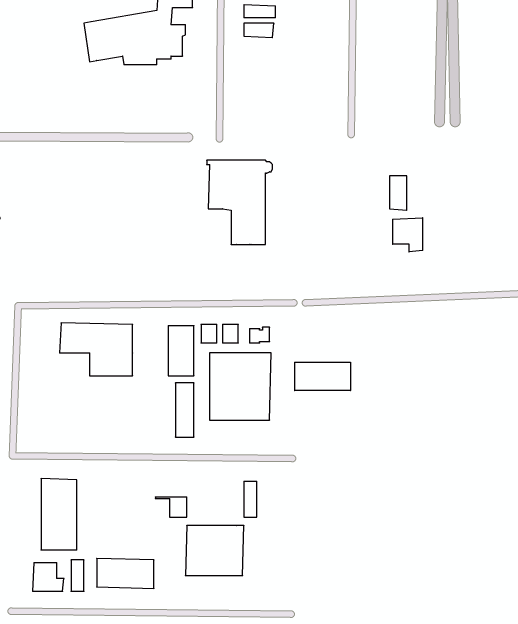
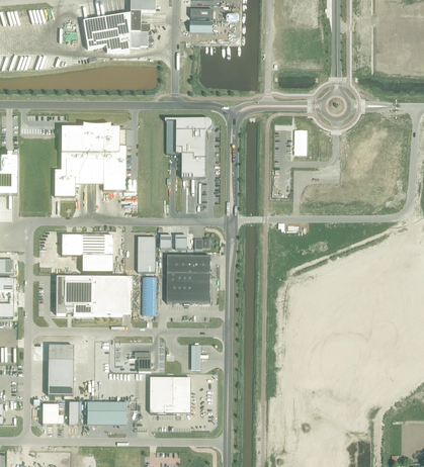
building: none -> [55,122,125,195]
building: [393,218,423,252] -> none
building: [295,362,350,391] -> none
building: none -> [56,276,132,314]

